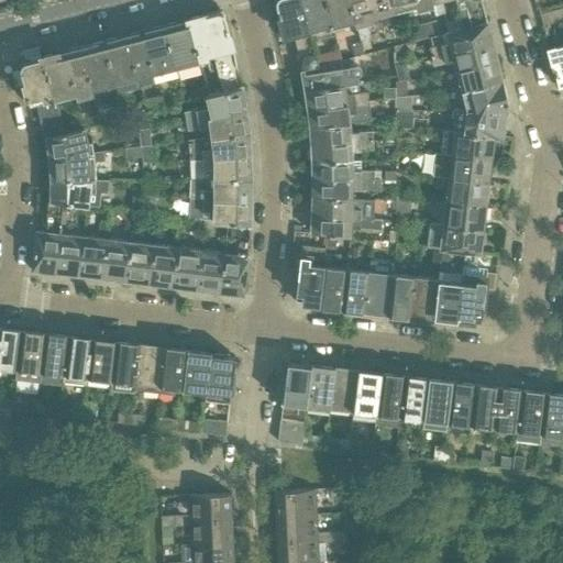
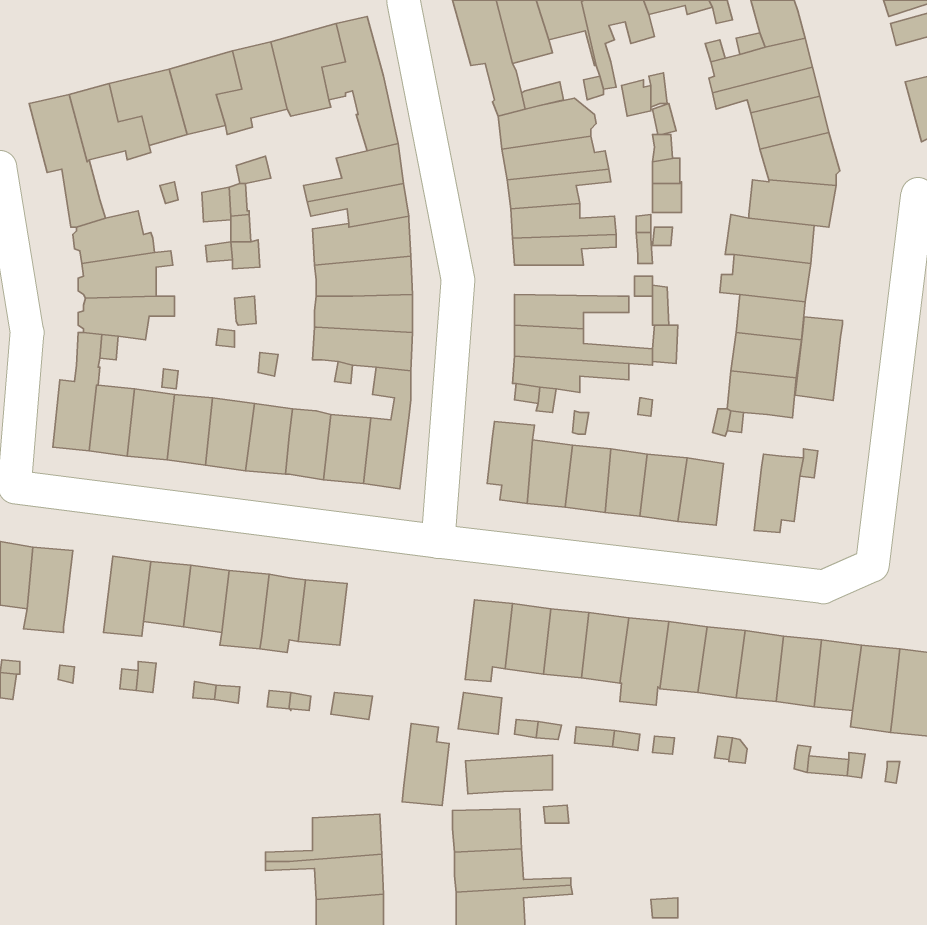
building: [312,162,375,181] -> none
building: [434,273,463,323] -> [795,317,842,401]
building: [40,335,69,385] -> none
building: [206,355,234,405] -> [402,724,449,805]
building: none -> [465,755,553,794]

